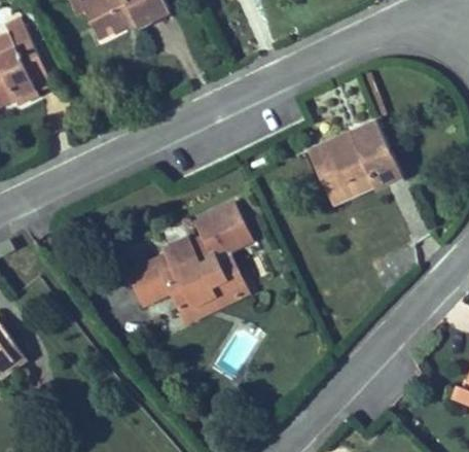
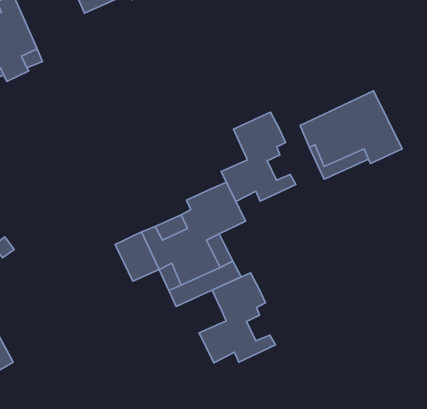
building: none -> [221,112,296,201]
building: none -> [199,273,276,363]

